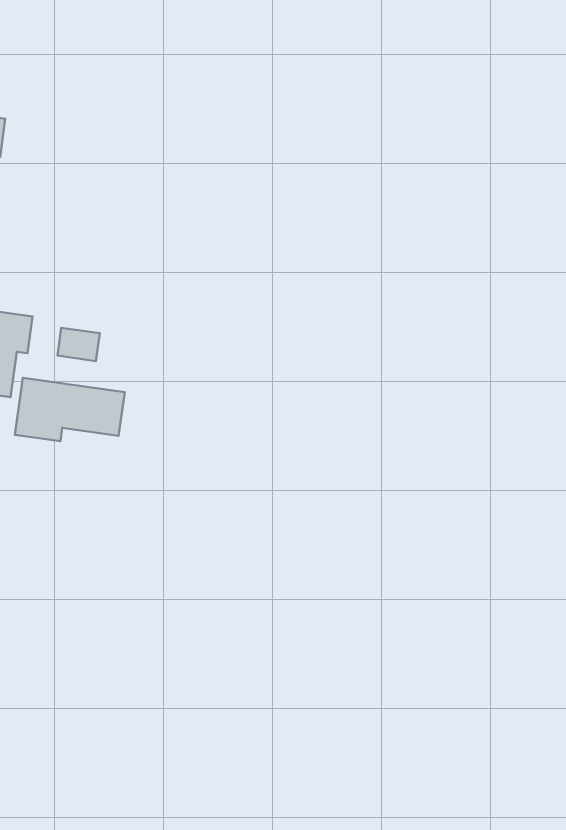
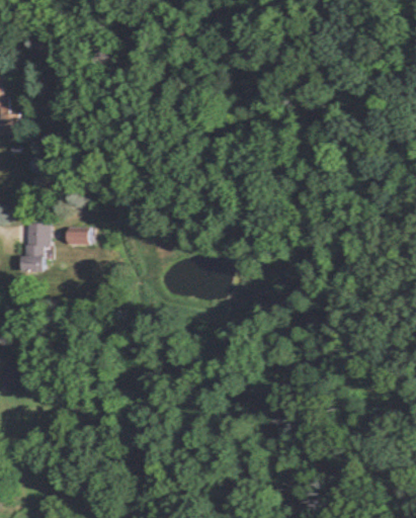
building: [15,378,125,441] -> none

